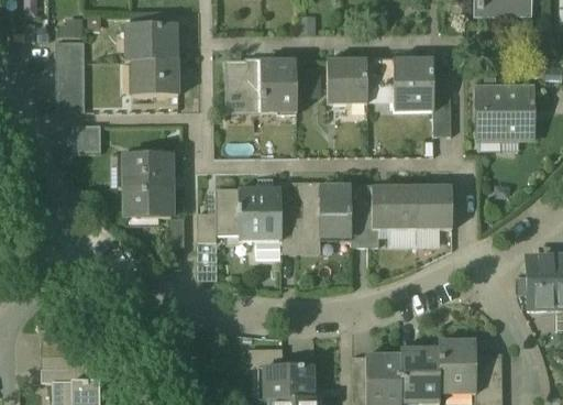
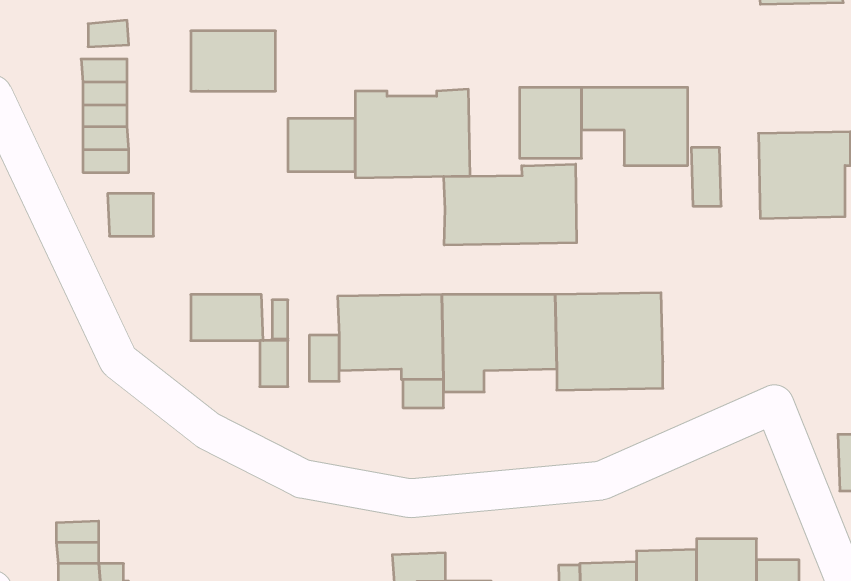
building: [135,61,177,94] -> [288,119,355,172]
building: none -> [444,164,577,245]
building: [124,152,168,187] -> none
building: [417,186,452,229] -> none

